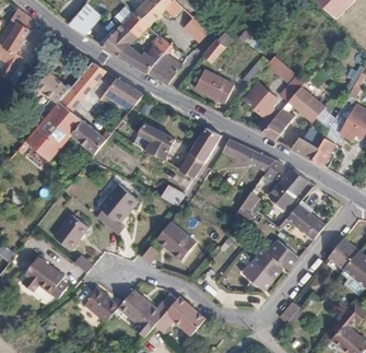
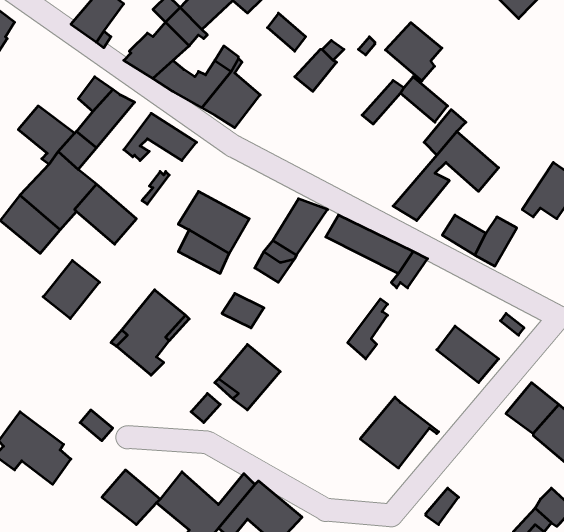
building: [194,69,232,101] -> none
building: [243,83,276,118] -> [385,23,442,81]
building: [269,167,307,209] -> none
building: [54,214,87,249] -> [43,260,100,319]
building: [265,238,298,268] -> none

